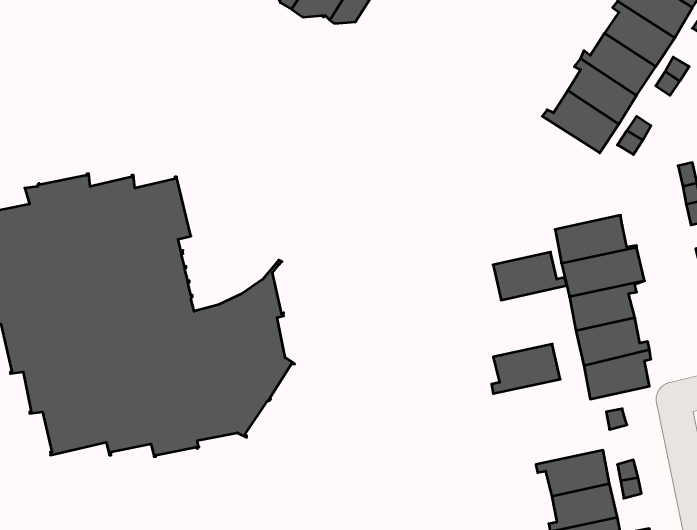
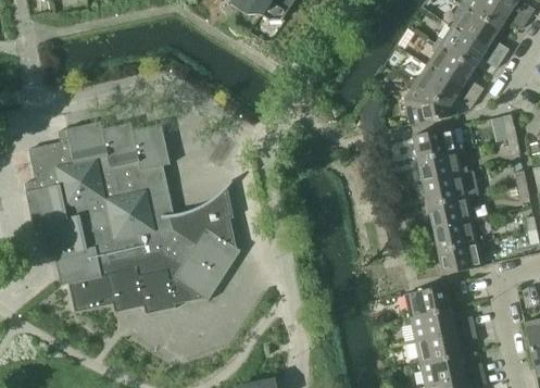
building: none -> [405,82,451,124]
building: [493,252,567,300] -> [413,126,463,159]
building: [492,344,560,394] -> [404,285,451,318]

